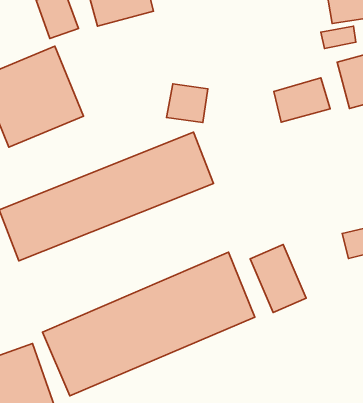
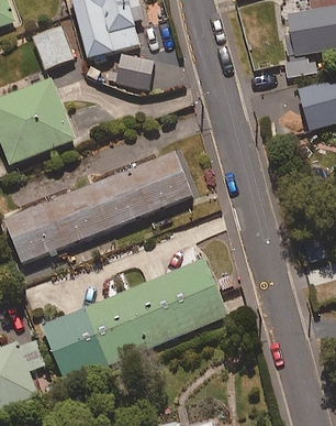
building: [274,78,330,122] -> none
building: [167,84,208,122] -> [115,56,152,90]
building: [250,244,306,313] -> none

